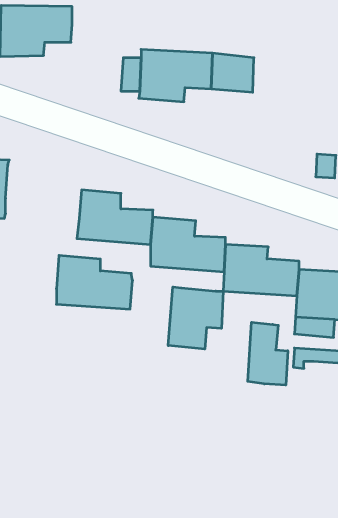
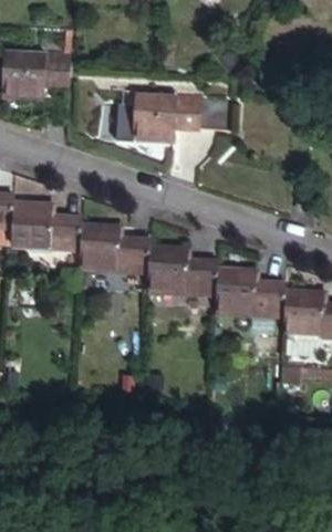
building: [56,255,133,309] -> [10,197,81,247]
building: [168,287,223,349] -> none
building: [248,322,288,385] -> none

